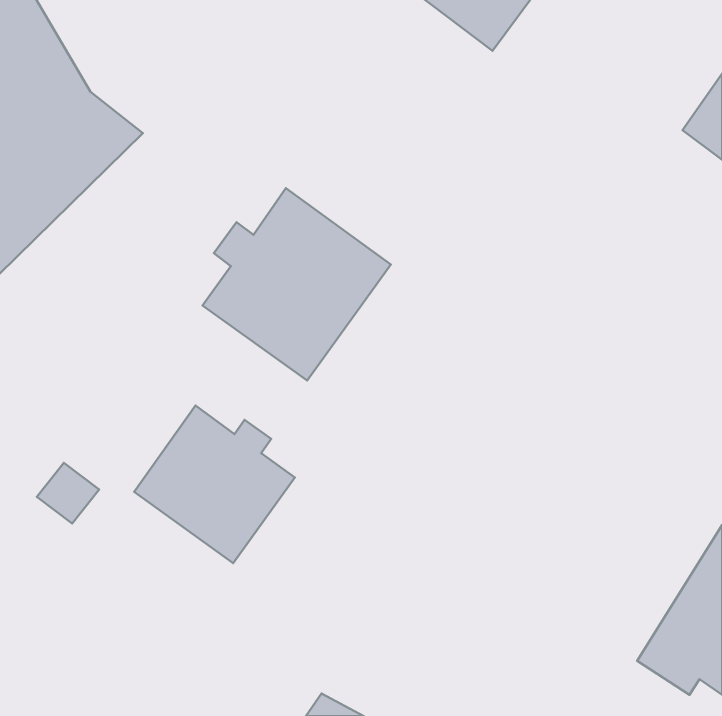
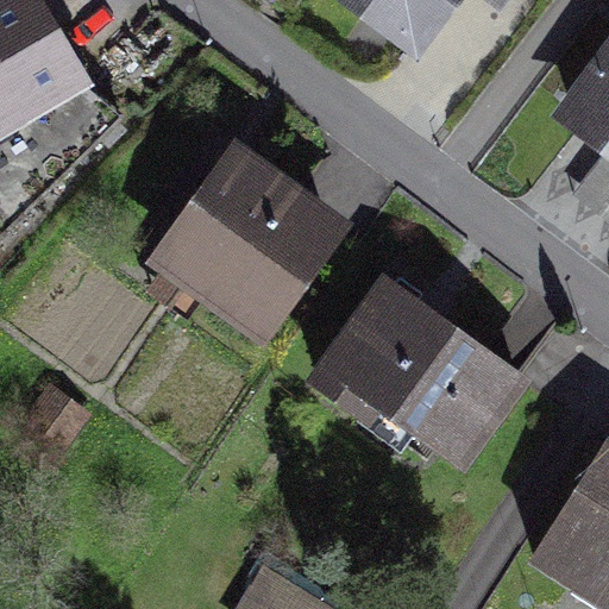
building: none -> [318,282,517,456]
building: [134,405,295,563] -> none

